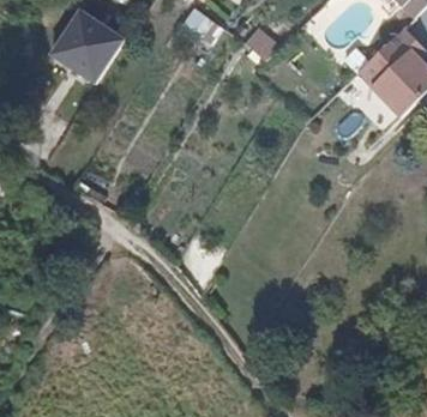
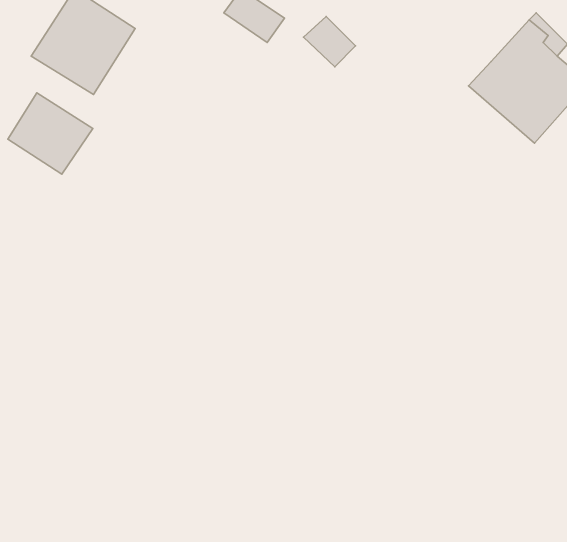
building: none -> [8,93,93,174]

